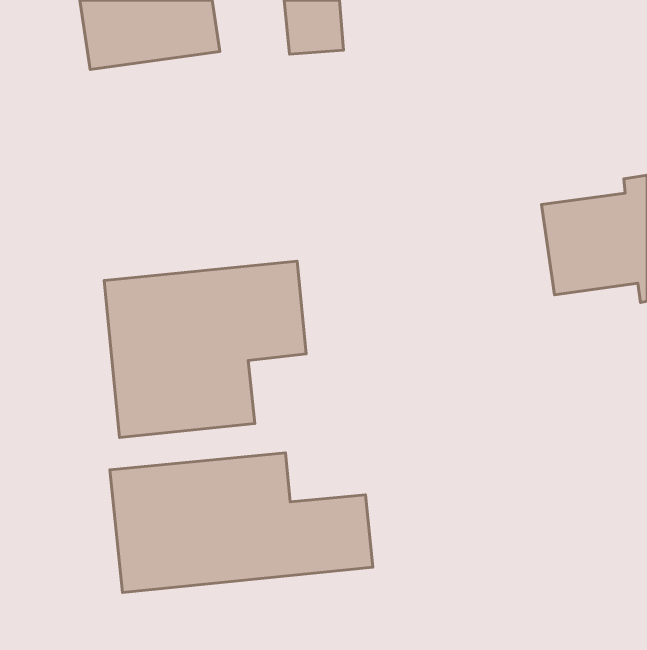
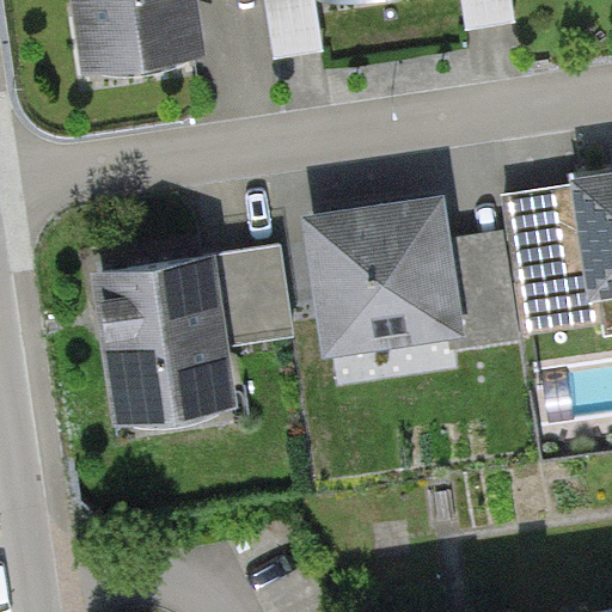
building: none -> [306,195,513,356]
building: [110,453,373,592] -> none

